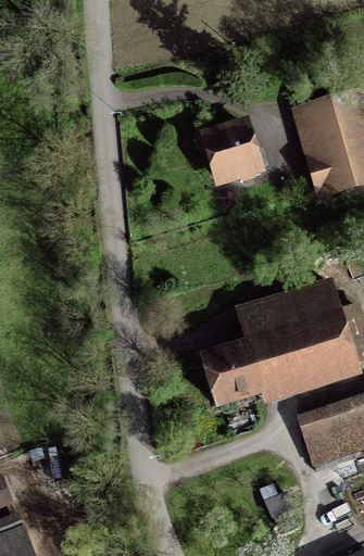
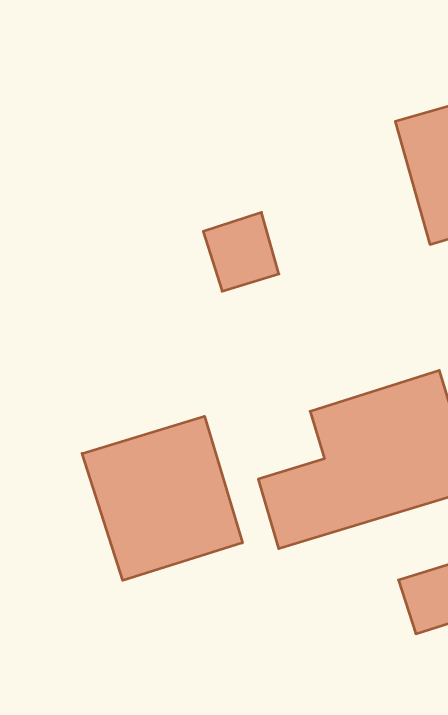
building: [204,124,256,178] -> [203,212,279,291]
building: none -> [82,416,242,580]

